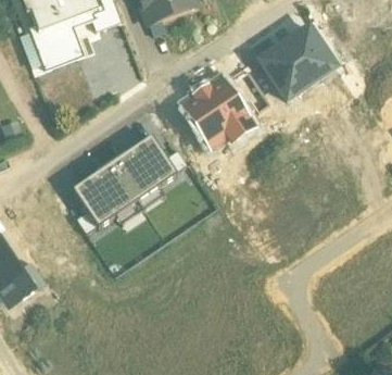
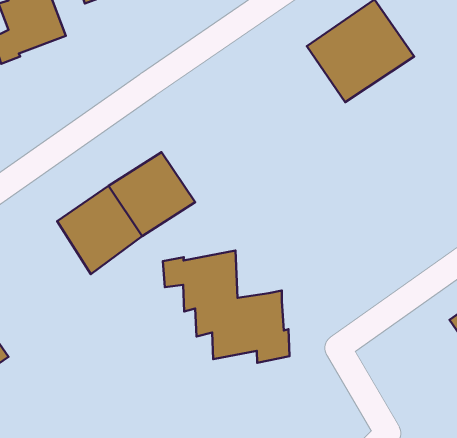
building: [178,73,254,150] -> none
building: none -> [163,251,289,363]

